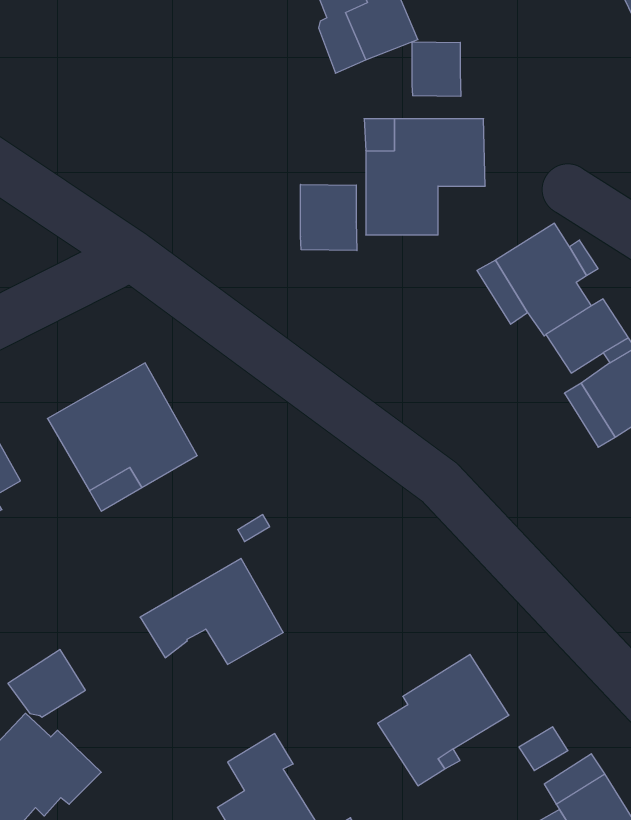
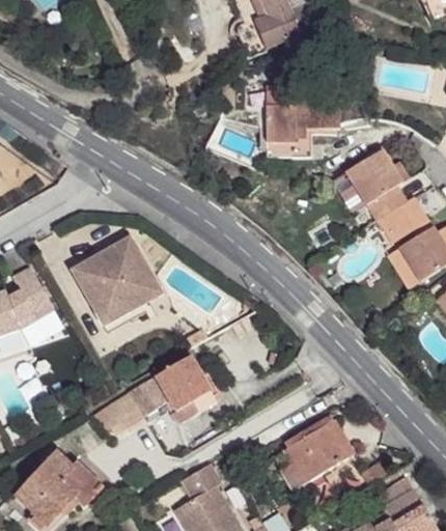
building: [412,42,461,96] -> none
building: [301,184,357,251] -> none
building: [8,650,85,717] -> [95,392,143,434]

